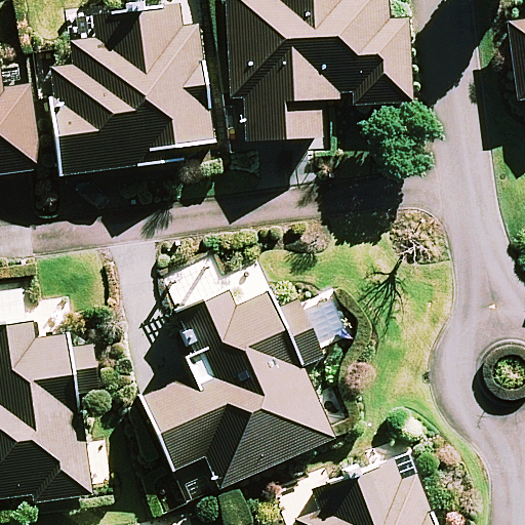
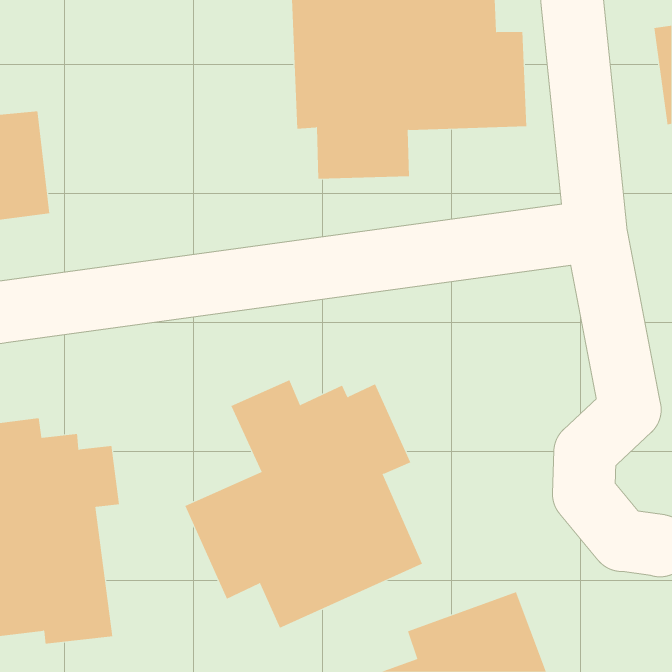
building: [50,8,207,172] -> none

